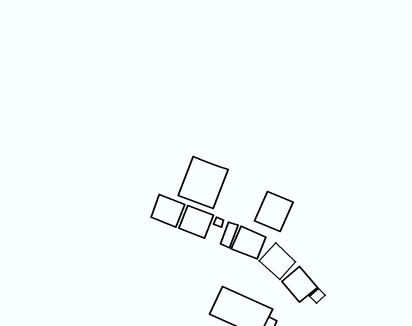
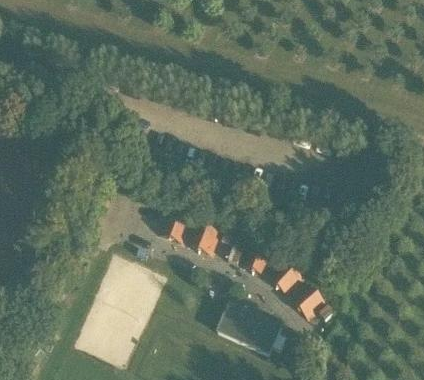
building: [178,157,228,209] -> none
building: [255,191,293,232] -> none

